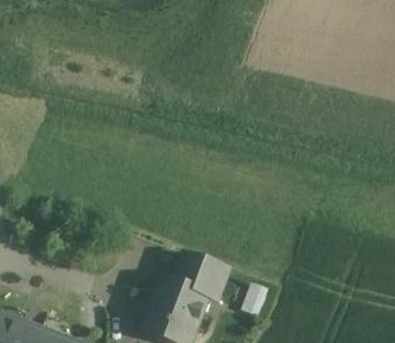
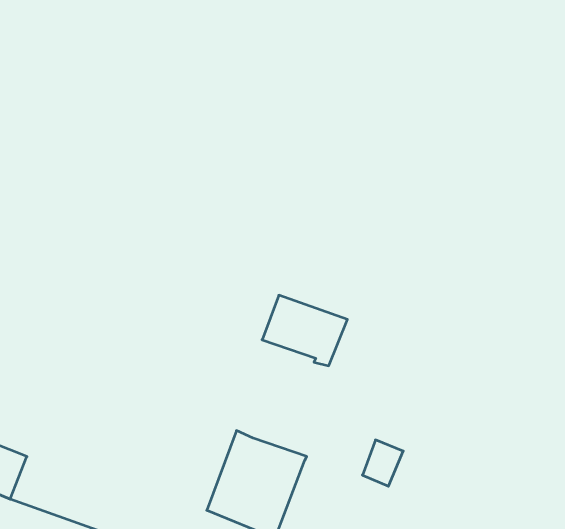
building: [173,254,228,299] -> [262,295,347,366]

